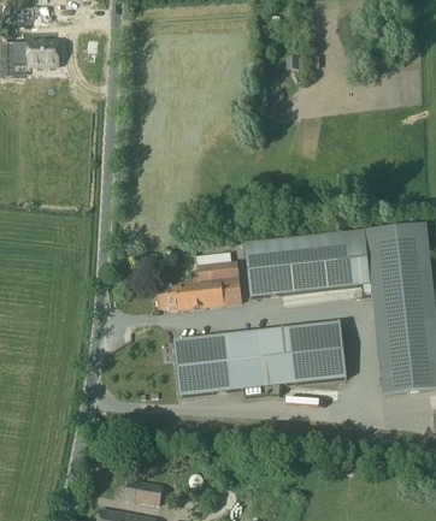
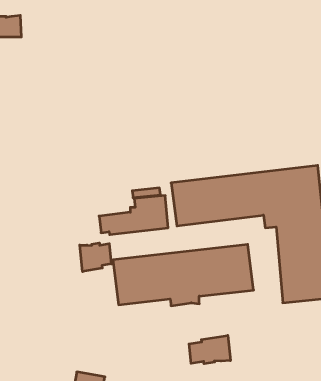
building: none -> [80,243,111,272]
building: none -> [189,335,230,364]

